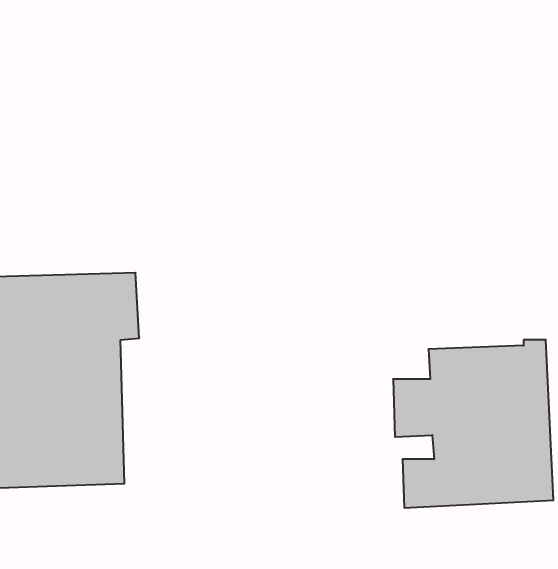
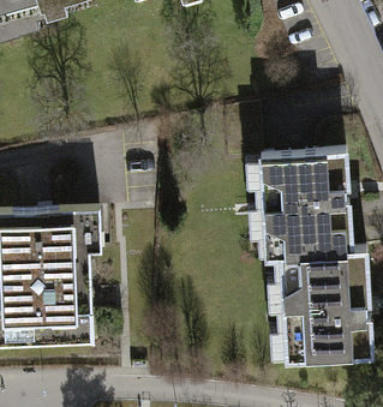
building: none -> [244,148,348,251]

